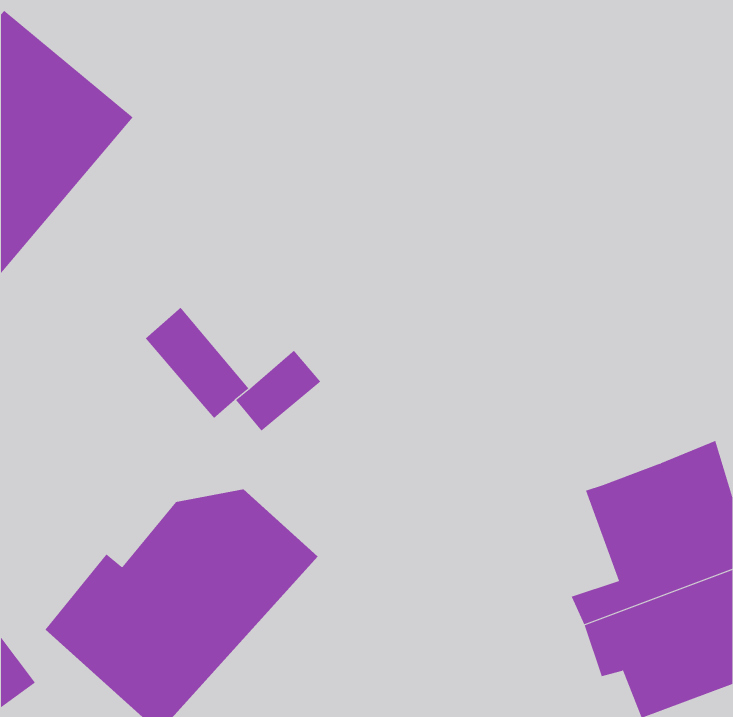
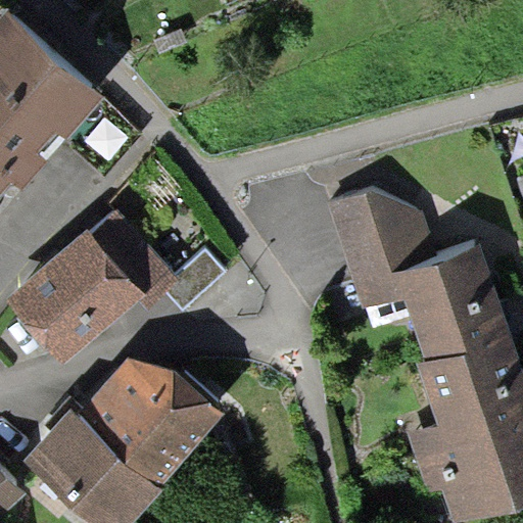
building: none -> [328,190,510,356]
building: none -> [17,236,133,348]

